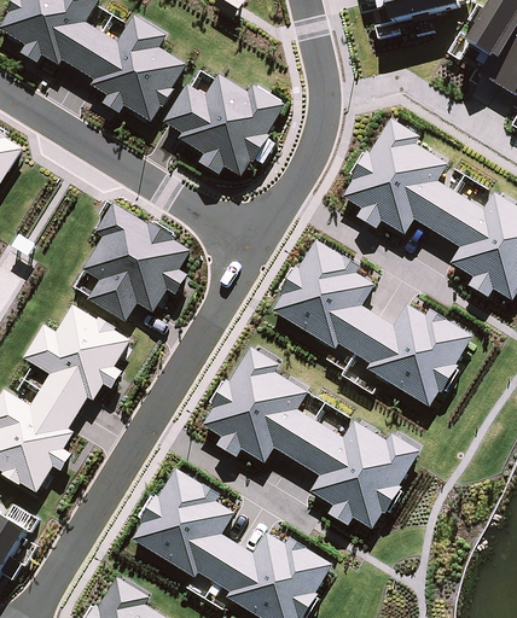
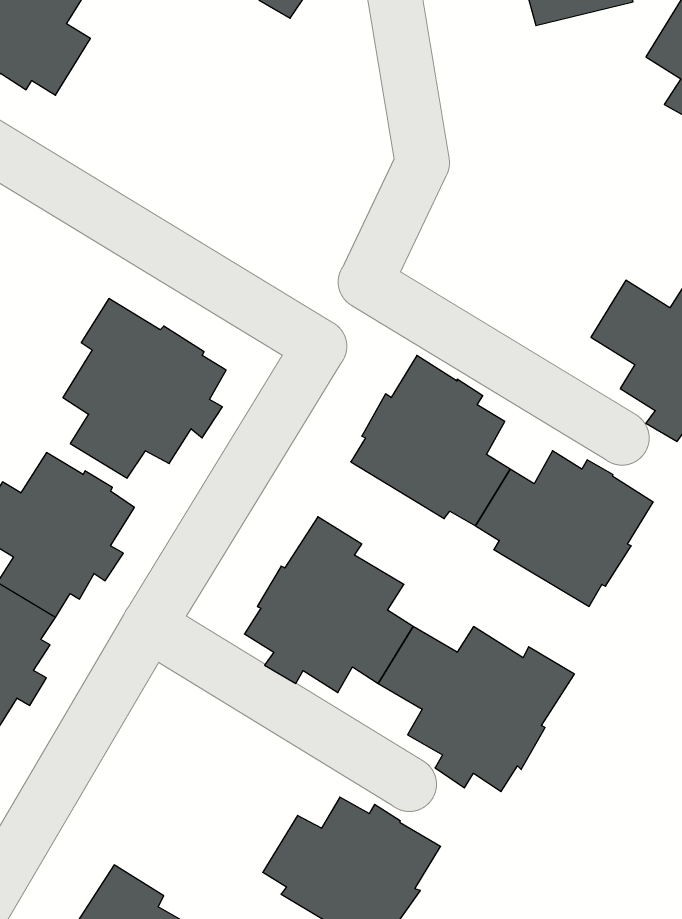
building: [77,14,186,121] -> none
building: [163,74,284,176] -> none
building: [342,118,453,234] -> none
building: [132,468,237,581] -> none

